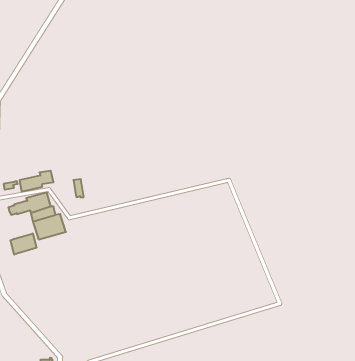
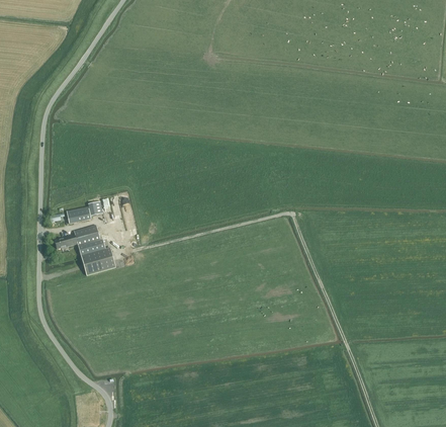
building: [10,233,37,255] -> none

